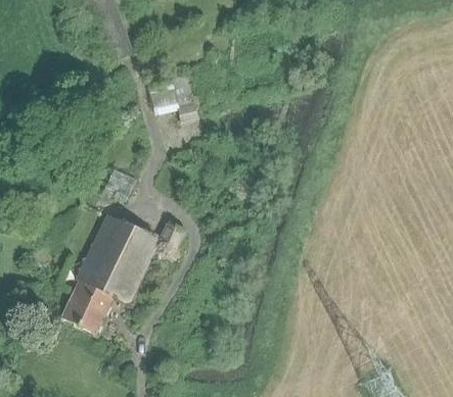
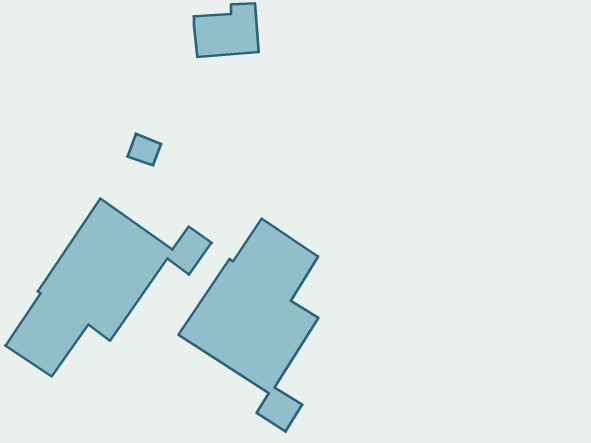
building: none -> [179,219,318,432]

